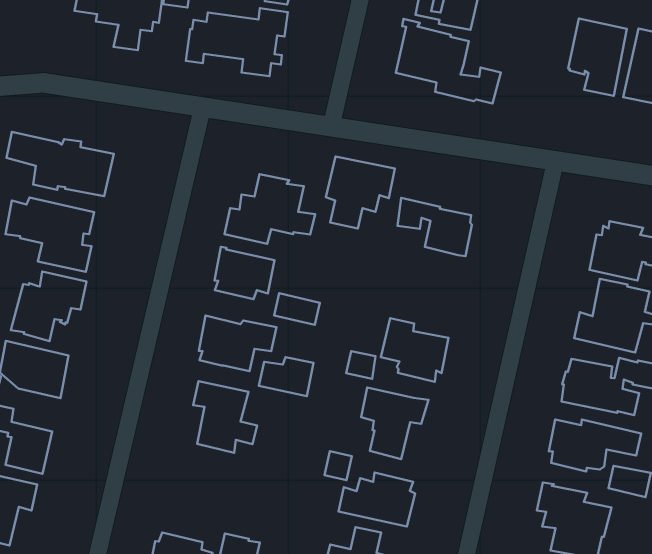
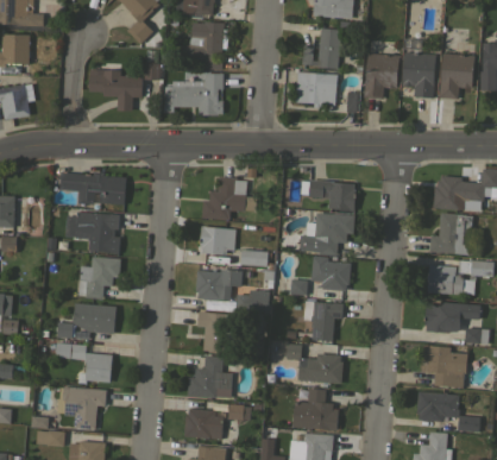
building: none -> [364,52,400,99]
building: [326,157,395,228] -> [314,213,354,256]
building: none -> [187,355,232,398]

